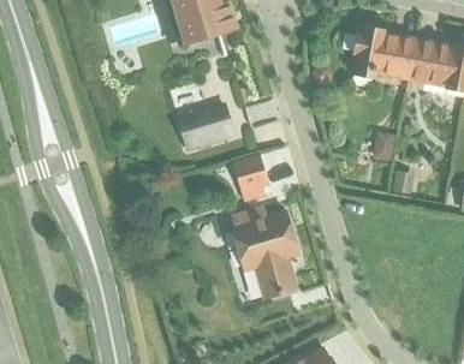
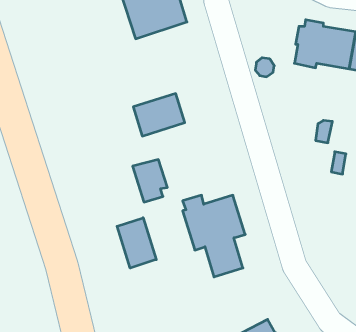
building: [232,154,269,199] -> [133,160,167,202]
building: none -> [117,218,156,268]

